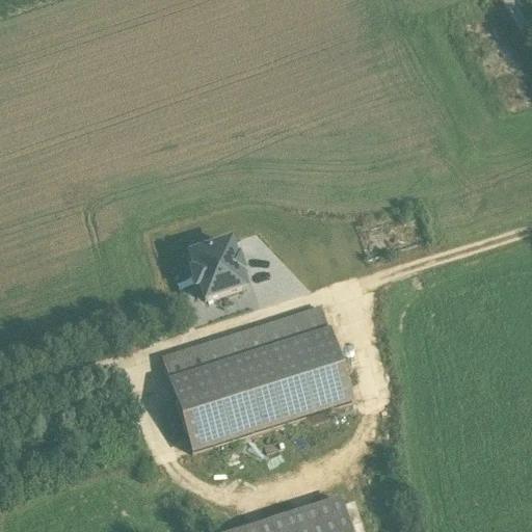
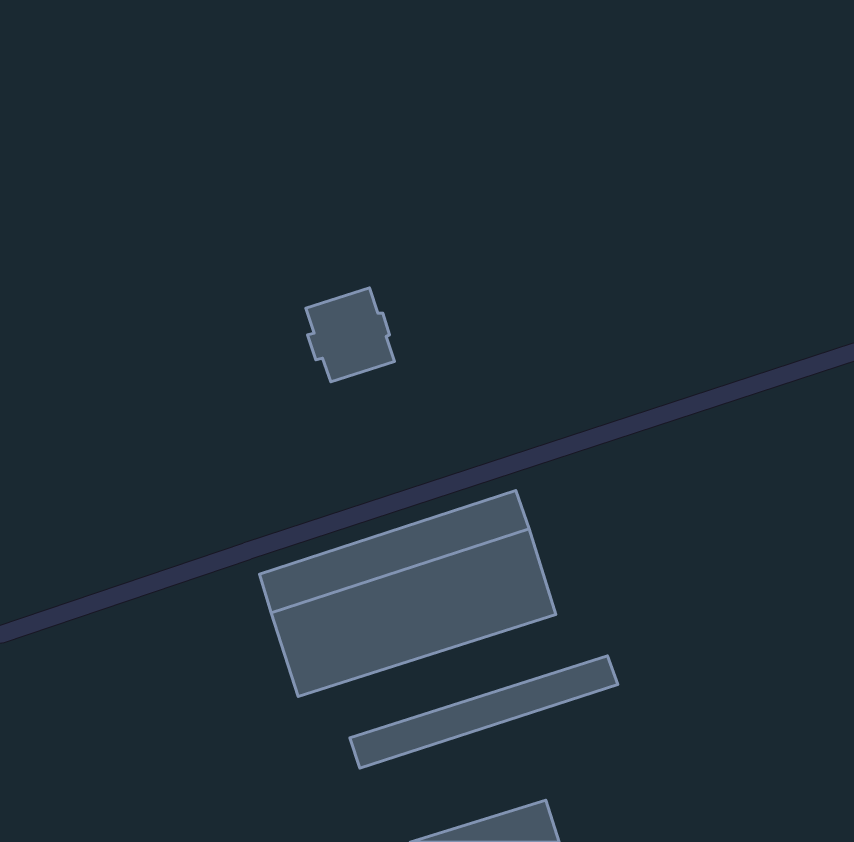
building: [190,239,245,297] -> [306,288,394,382]
building: [186,381,352,451] -> [350,656,618,768]

